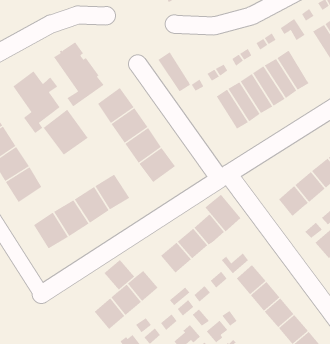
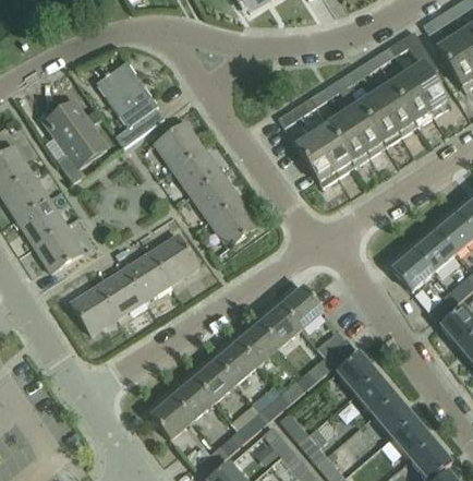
building: none -> [407,61,450,115]
building: [158,51,191,92] -> [294,132,338,185]
building: [43,109,89,156] -> none
building: [205,194,241,232] -> none
building: [104,259,135,291] -> [216,341,257,383]

